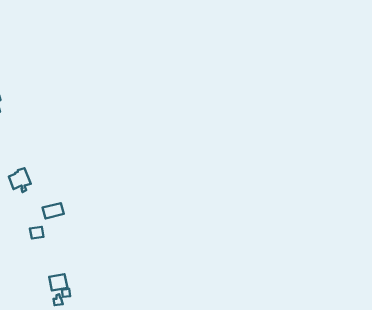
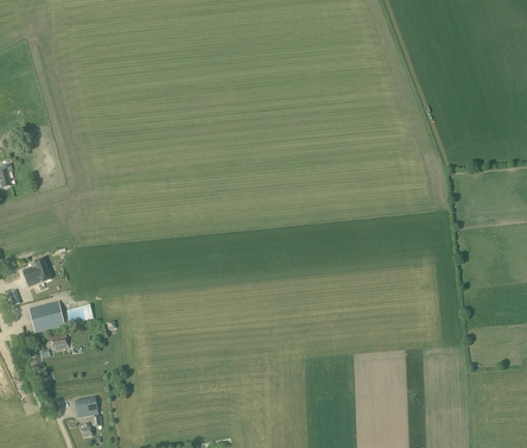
building: none -> [28,301,65,332]

